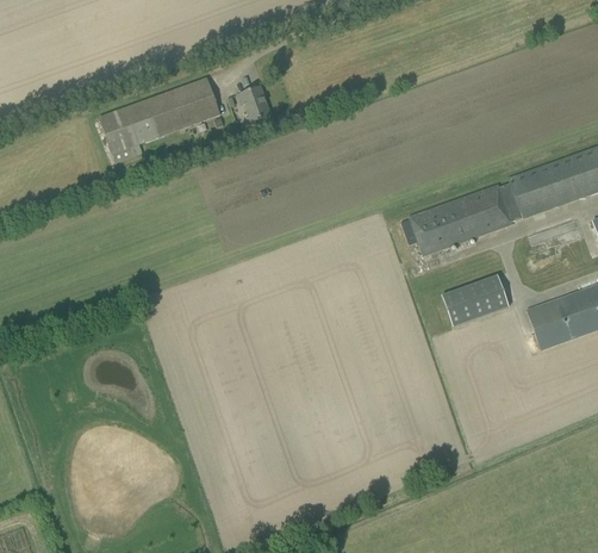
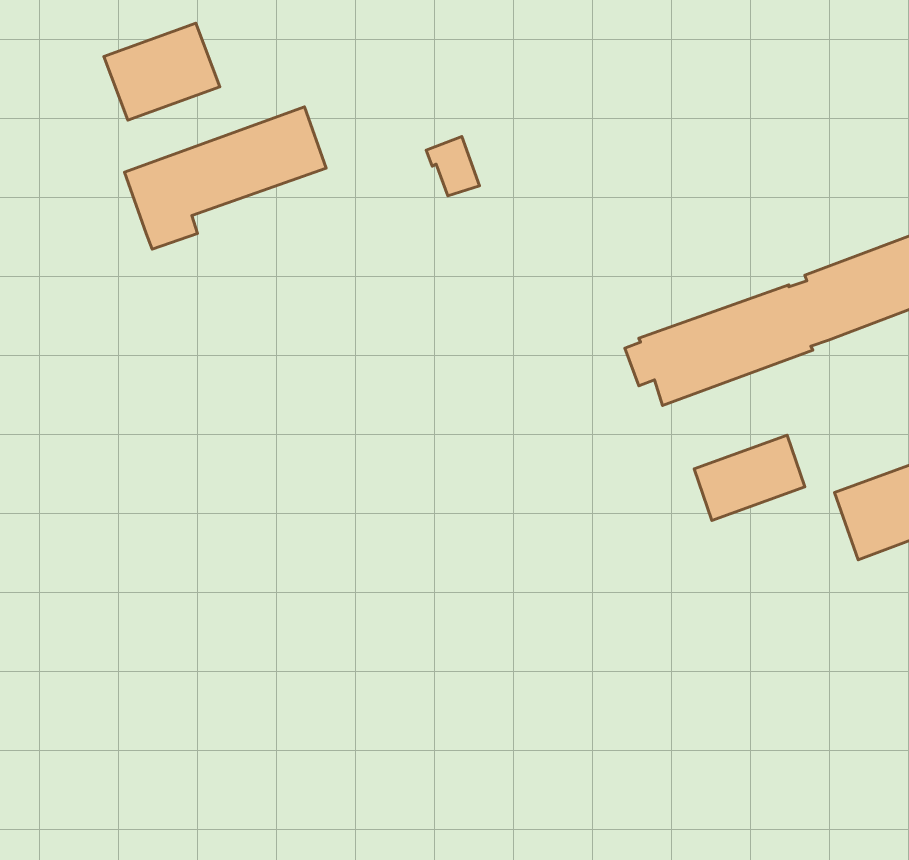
building: none -> [104,23,220,120]
building: [238,85,270,120] -> [426,136,480,196]

